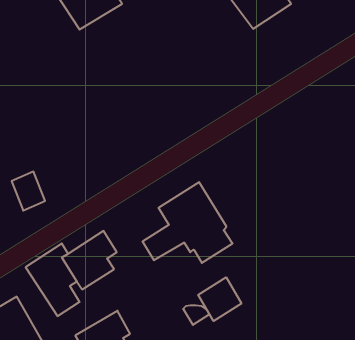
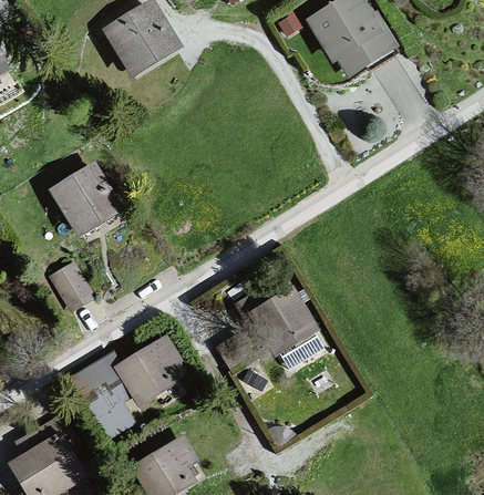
building: none -> [49,164,131,241]
building: [198,277,241,321] -> none

